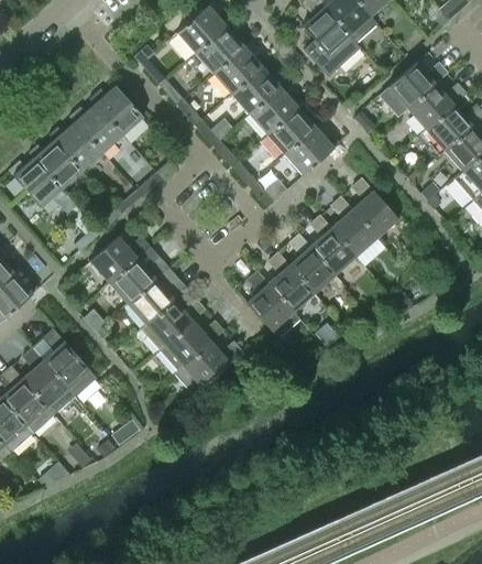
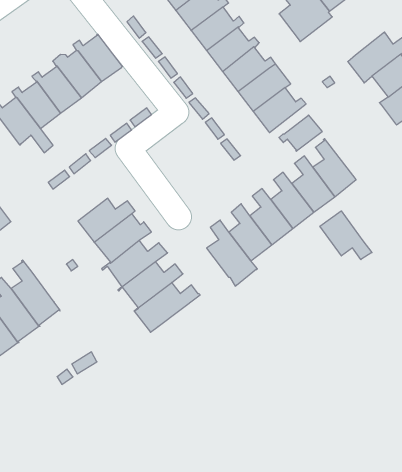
building: none -> [279,115,322,151]
building: [89,236,149,283] -> none
building: none -> [320,211,372,260]

